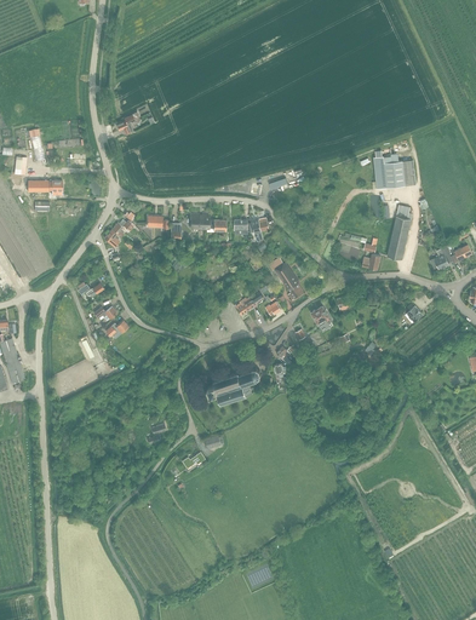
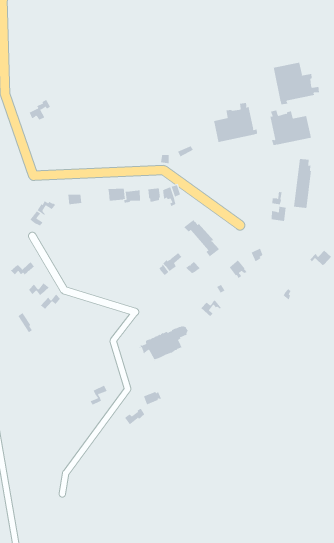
building: none -> [273,62,320,105]
building: none -> [214,102,258,143]

